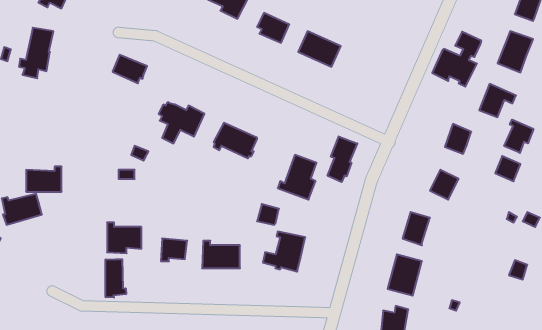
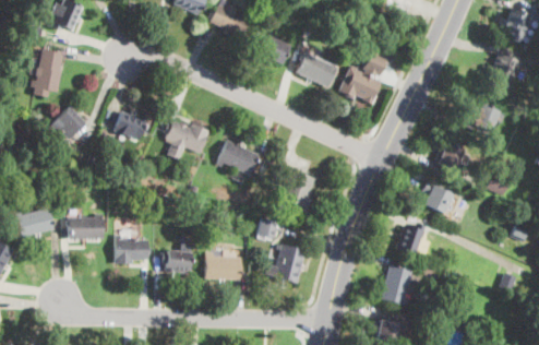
building: [432,32,481,87] -> [340,51,387,104]
building: [113,55,147,83] -> [116,112,148,140]
building: none -> [53,108,85,139]
building: [504,120,533,153] -> none
building: [328,136,357,182] -> none
building: [26,167,62,192] -> [70,214,104,238]
building: [106,259,126,298] -> none

